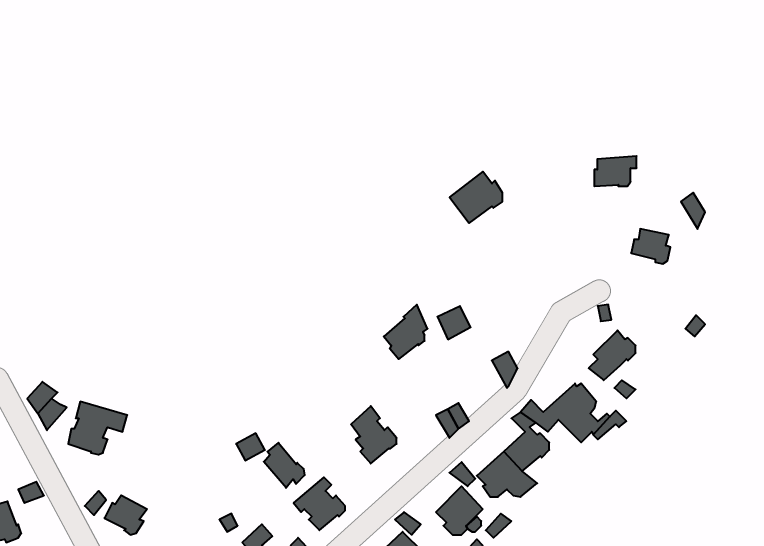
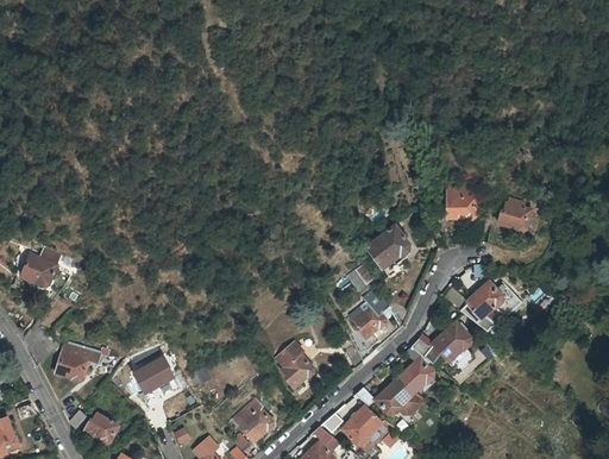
building: [594,156,637,186] -> [446,195,479,219]
building: [450,172,502,223] -> [366,227,408,268]
building: none -> [23,253,57,285]
building: [384,305,428,359] -> [351,295,385,338]
building: none -> [128,354,172,394]
building: [264,443,305,488] -> none

